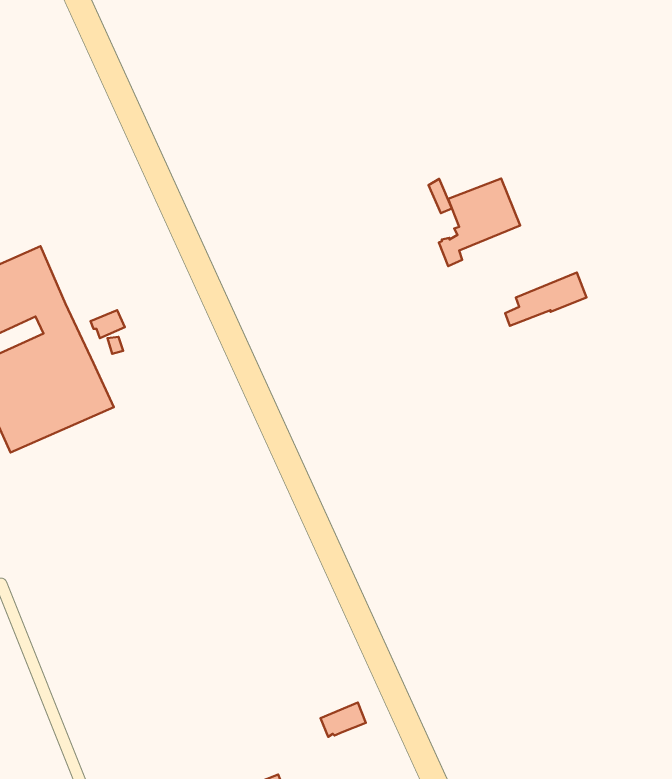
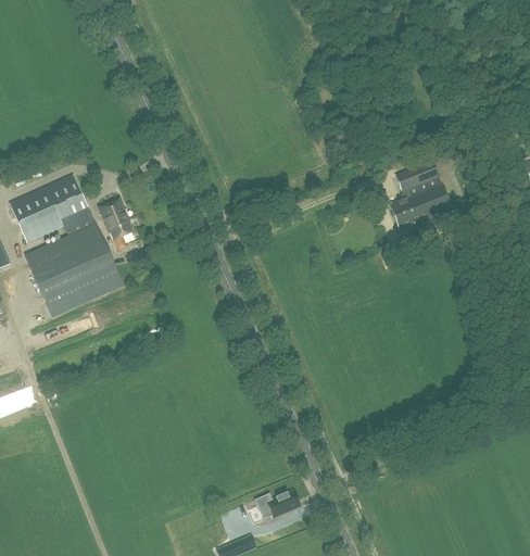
building: [439,179,520,266] -> [389,160,445,220]
building: none -> [99,197,127,226]

